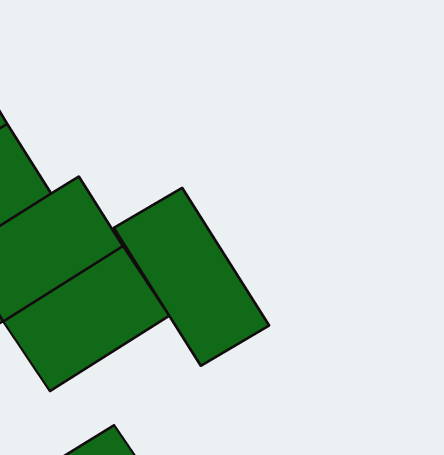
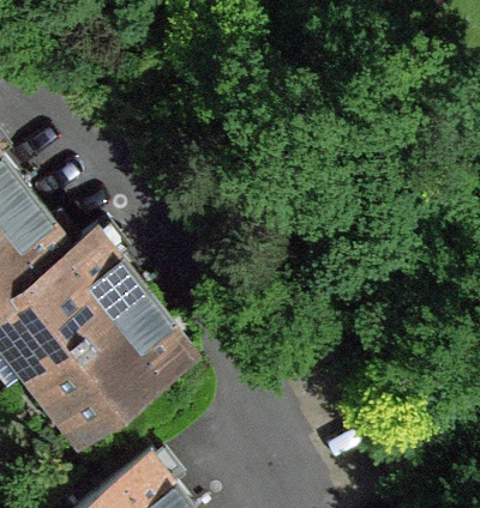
building: [114,188,269,366] -> none

